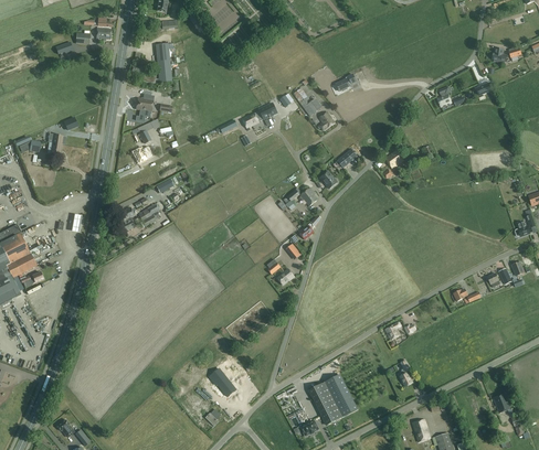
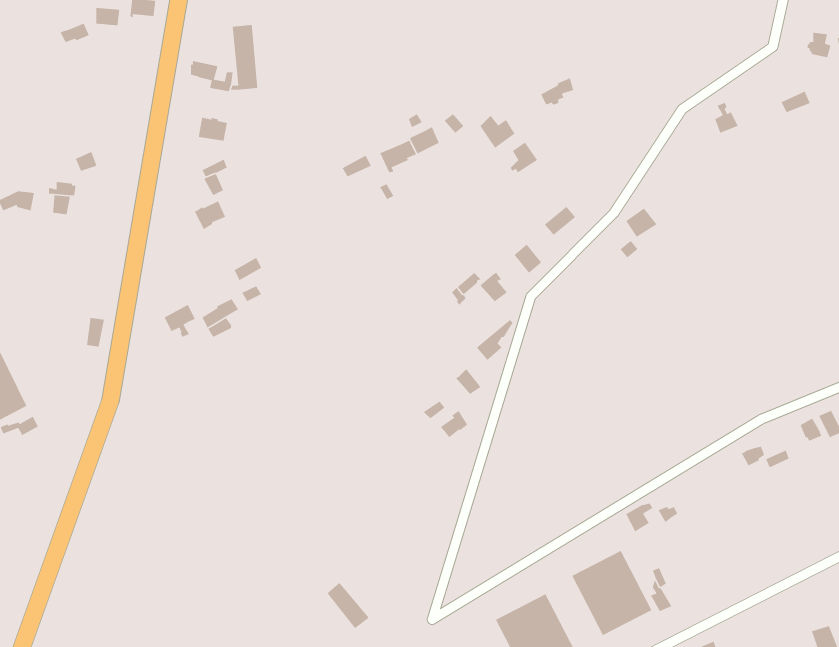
building: none -> [571,550,653,636]

